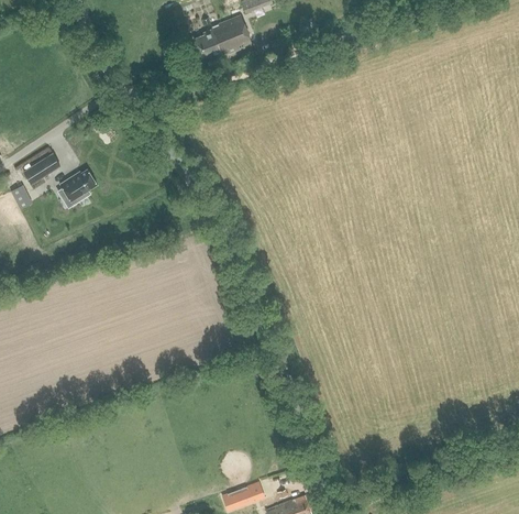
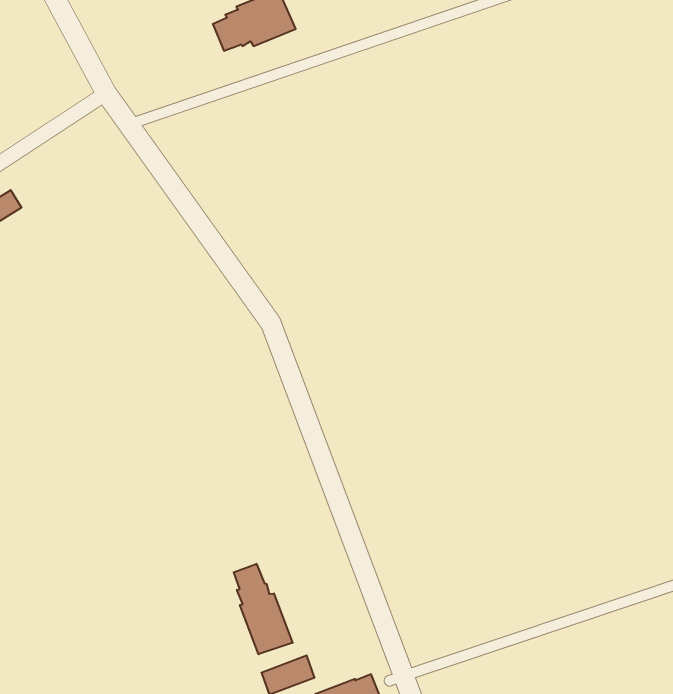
building: [59,169,95,204] -> none
building: none -> [234,564,293,654]

